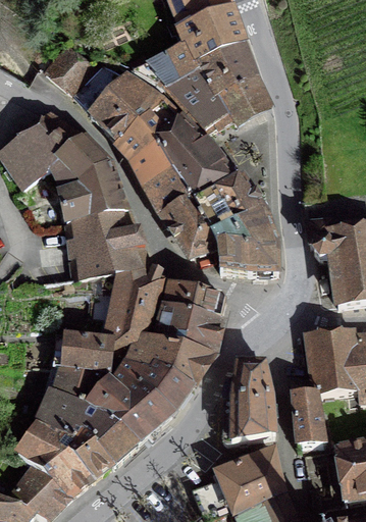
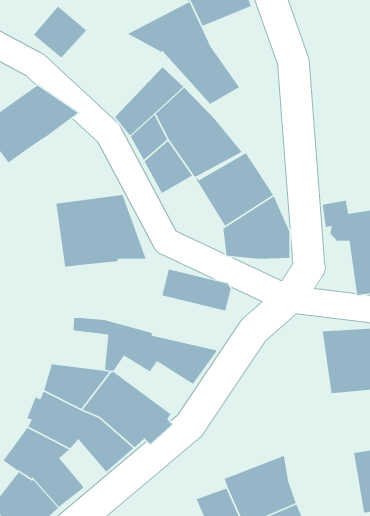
building: [199,44,268,121] -> none
building: [73,61,163,144] -> none
building: [51,140,127,221] -> none
building: [162,197,219,255] -> none
building: [88,272,164,336] -> none
building: [154,305,220,354] -> none
building: [54,335,113,372] -> none
building: [119,360,191,412] -> none
building: [223,362,274,441] -> none
building: [293,390,326,450] -> none
building: [70,435,112,478] -> none

